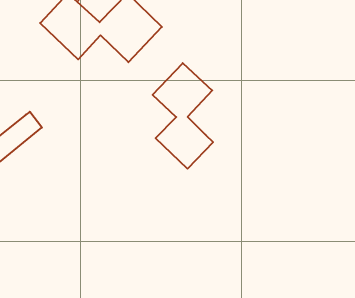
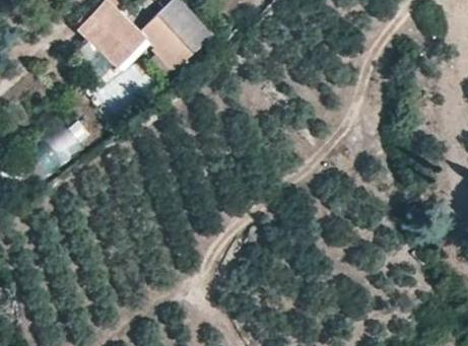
building: [153,63,213,169] -> none

